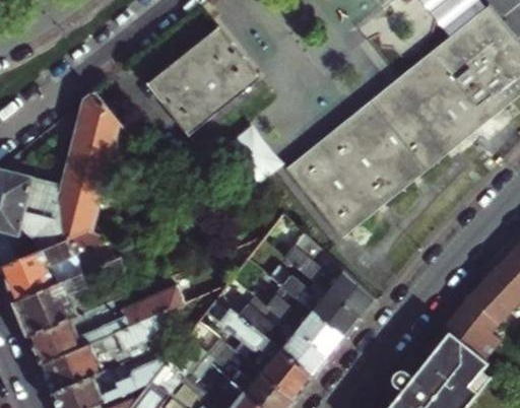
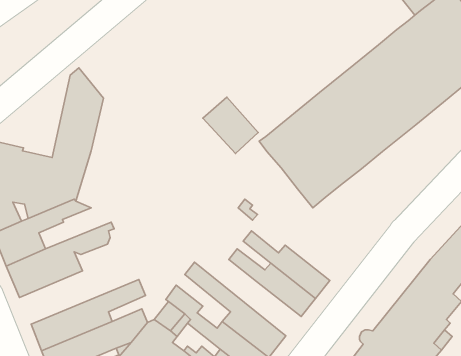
building: [143,25,259,138] -> none
building: [283,245,376,318] -> none
building: [30,287,186,364] -> none
building: [237,303,330,377] -> none

